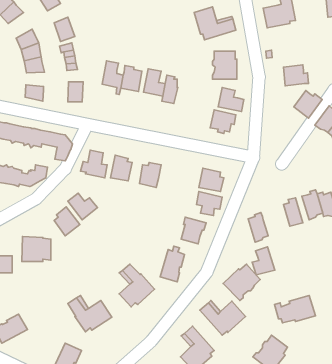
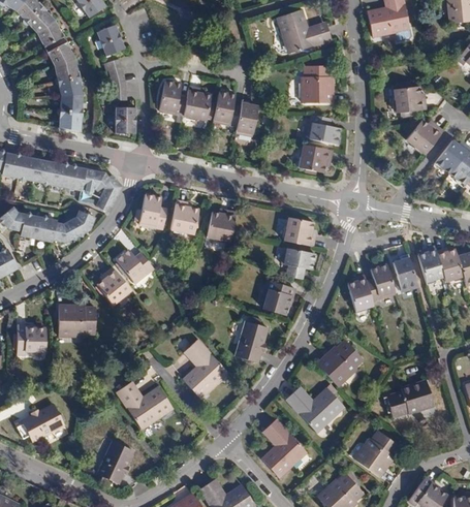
building: none -> [39,18,67,44]
building: none -> [62,94,86,113]
building: [252,247,275,275] -> [367,263,396,299]

